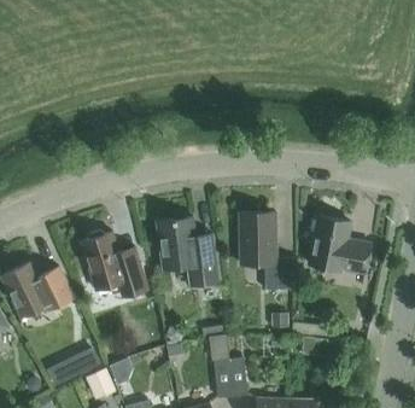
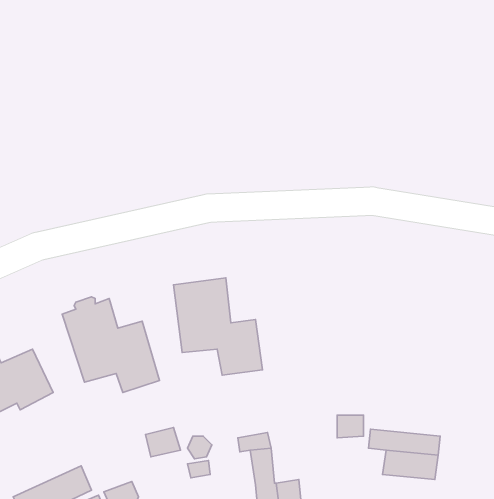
building: [239,211,293,288] -> none
building: [309,214,370,273] -> none

